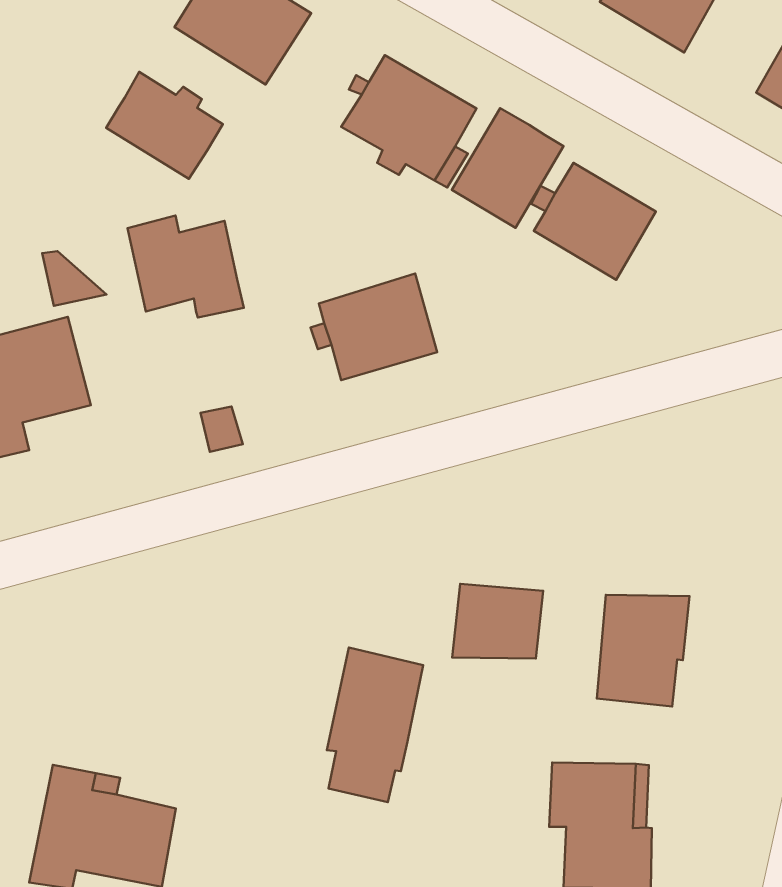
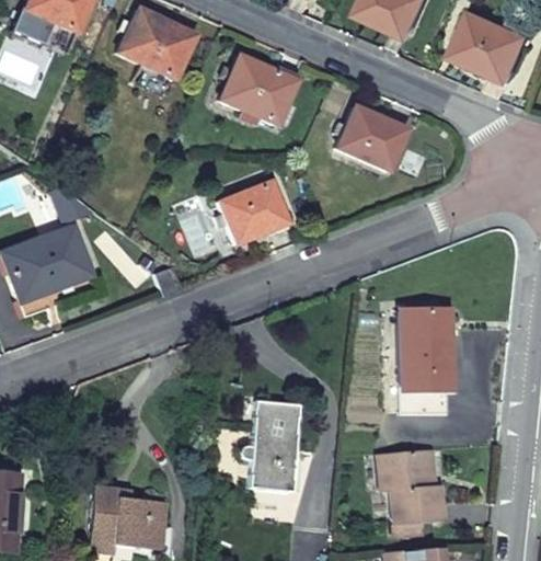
building: [106,72,223,179] -> none
building: [452,108,564,228] -> none
building: [127,215,244,318] -> none
building: [452,584,543,659] -> [401,309,449,353]

